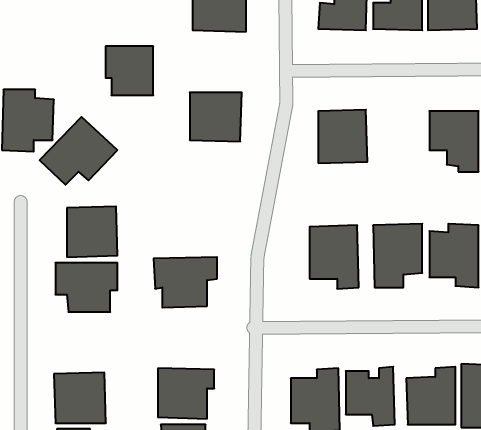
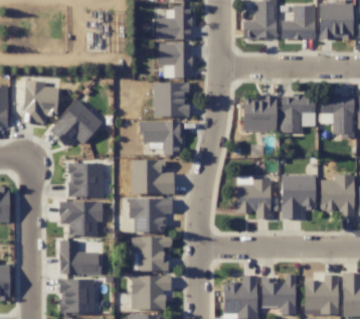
building: [106,46,153,95] -> [159,43,192,77]
building: none -> [280,96,315,133]
building: none -> [141,121,181,155]
building: none -> [131,159,174,194]
building: none -> [131,236,171,271]
building: none -> [59,240,101,275]

